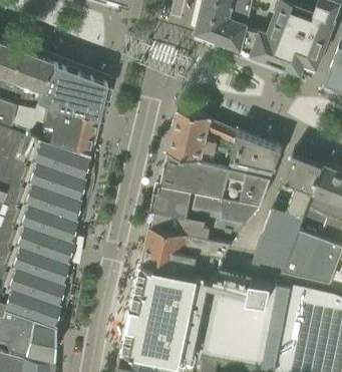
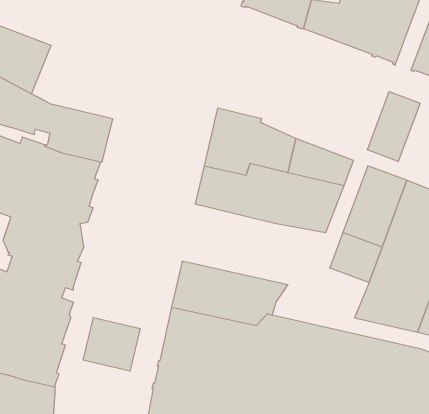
building: [35,62,105,118] -> none
building: none -> [367,92,420,162]
building: [150,183,261,246] -> none
building: [254,233,294,271] -> none
building: none -> [83,317,140,371]

